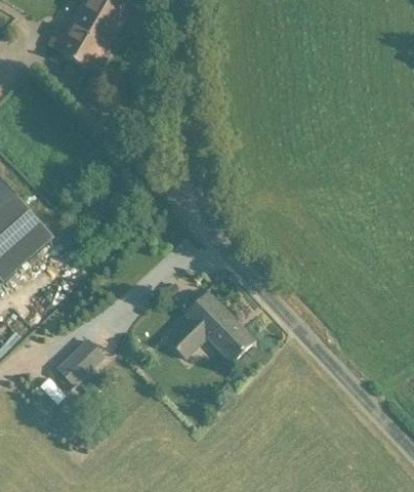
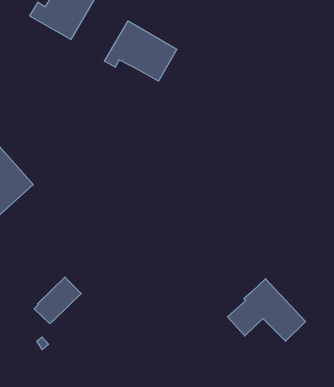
building: none -> [104,21,177,81]
building: [167,293,255,364] -> [228,279,306,341]

